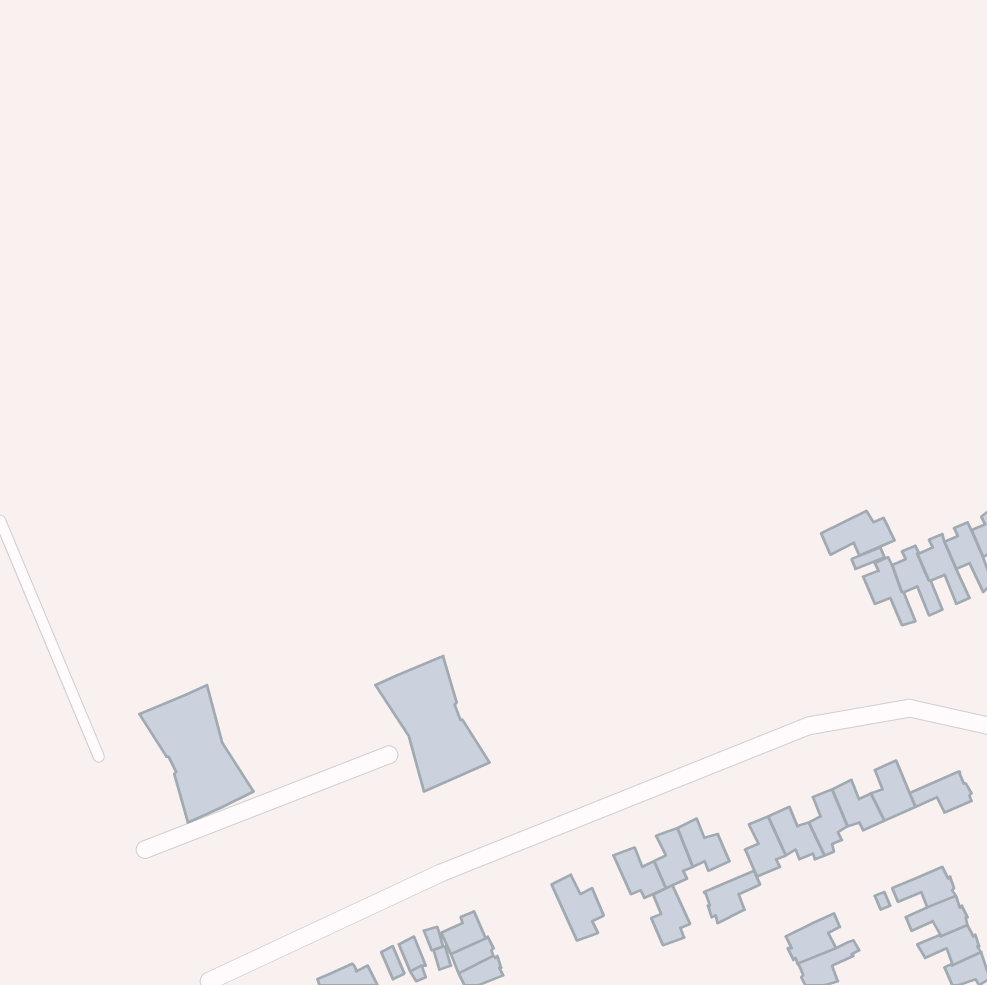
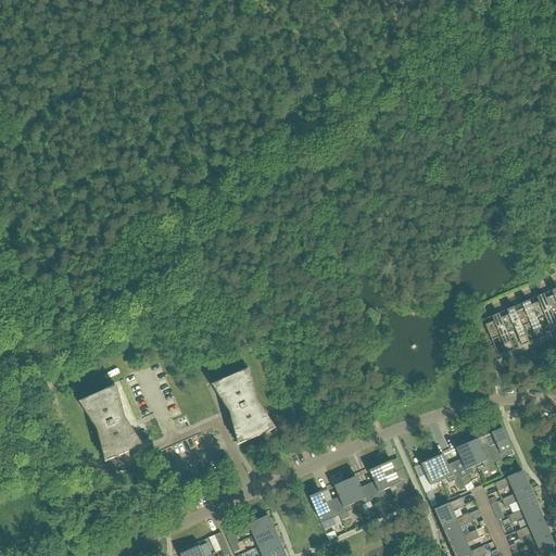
building: [821,511,894,556] -> none
building: [910,772,972,813] -> [495,470,530,493]
building: [704,871,760,923] -> [434,496,466,526]
building: [651,885,690,945] -> [333,480,355,514]

